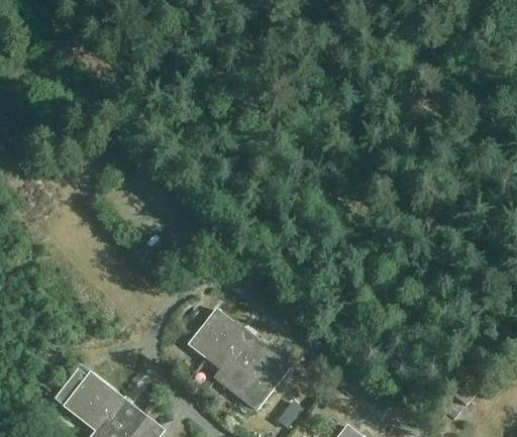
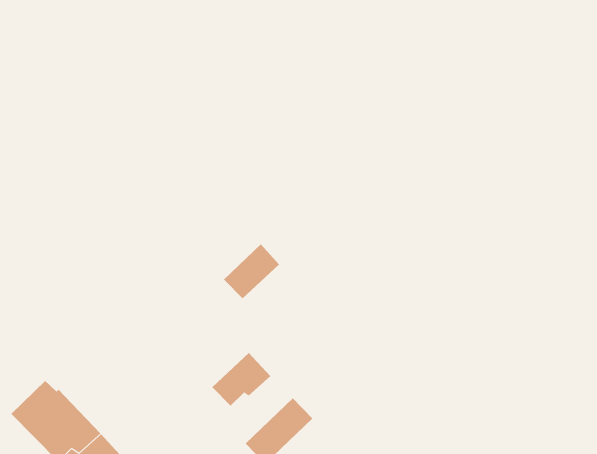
building: [191,310,233,355] -> [223,244,280,299]
building: [217,340,273,396] -> none

